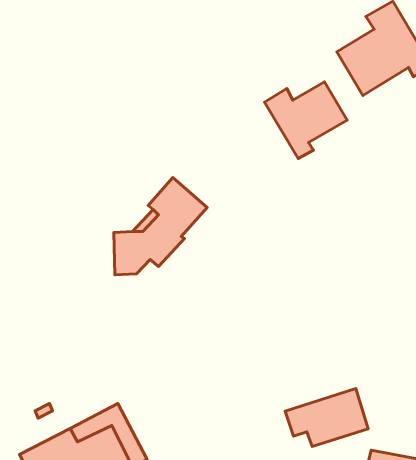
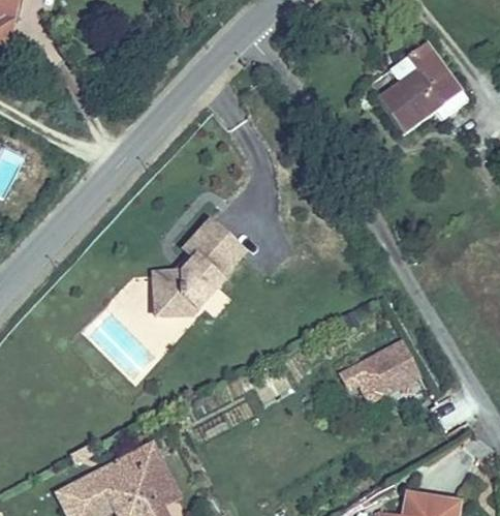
building: [265,82,347,159] -> none
building: [285,388,368,446] -> [338,344,420,402]

